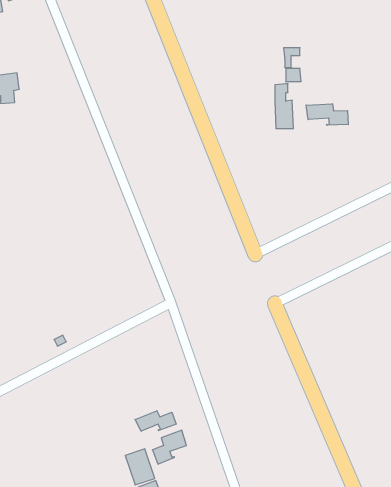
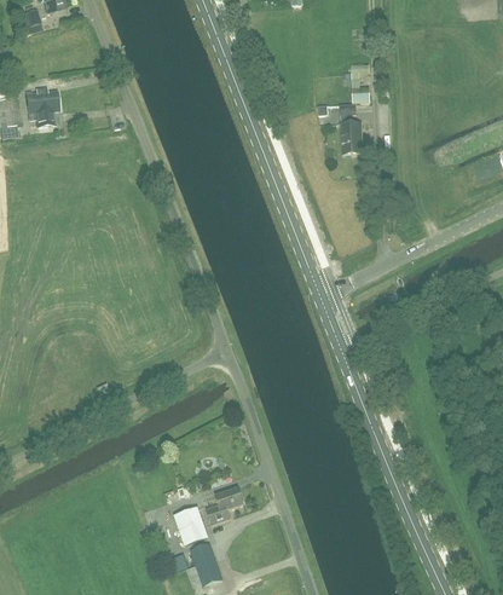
building: [306,104,348,125] -> none
building: [135,411,176,431] -> none

